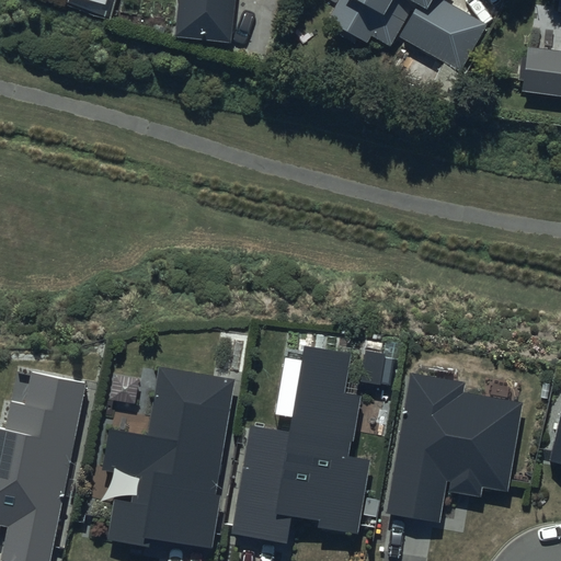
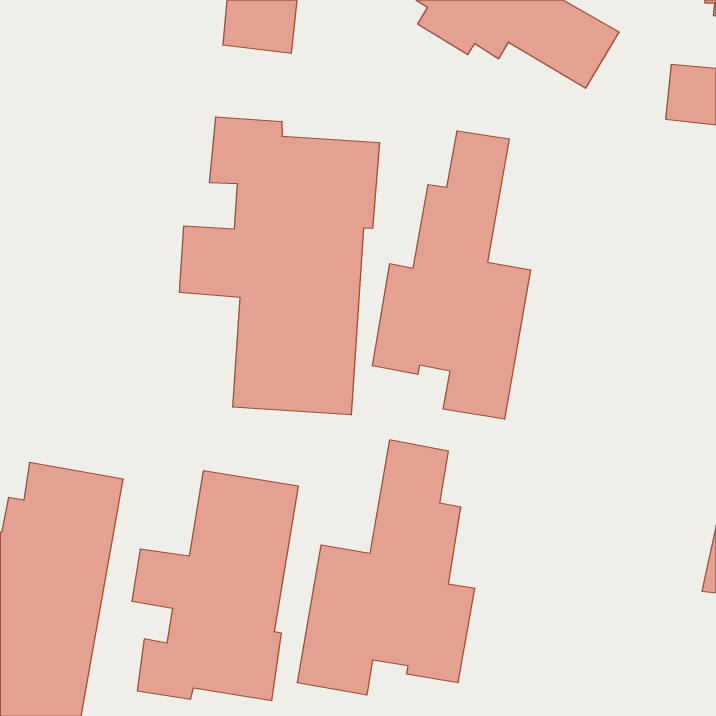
building: none -> [179,117,380,415]
building: none -> [373,131,531,419]
building: [387,374,518,524] -> none

